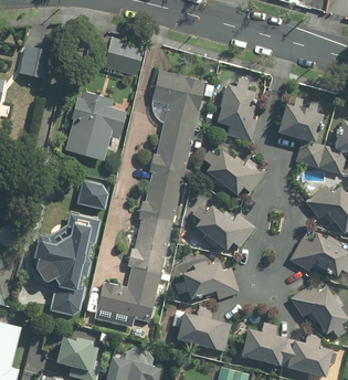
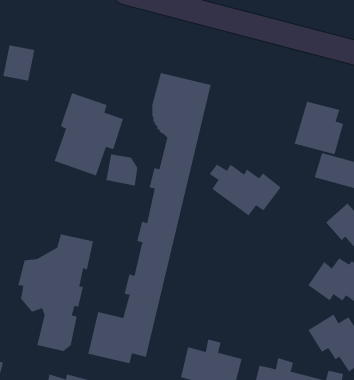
building: [104,35,144,74] -> none
building: [217,76,257,140] -> none
building: [77,180,106,209] -> [106,154,138,186]
building: [191,203,256,252] -> none
building: [175,260,239,298] -> none

